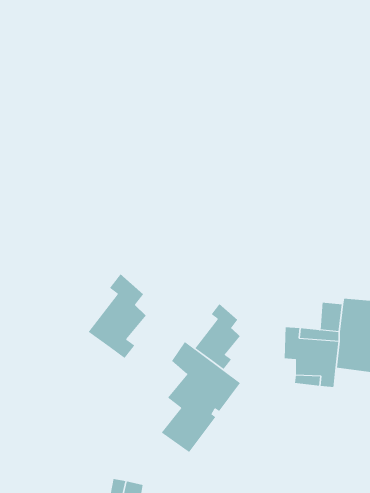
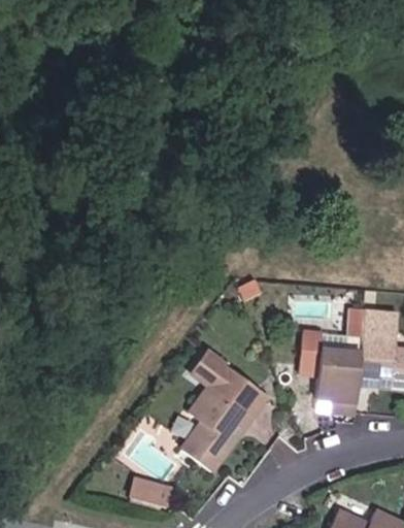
building: [88,273,146,359] -> none
building: [194,303,240,370] -> none

